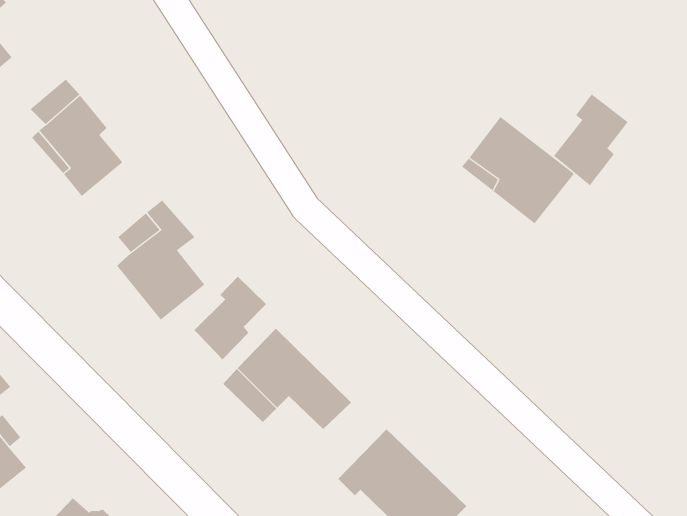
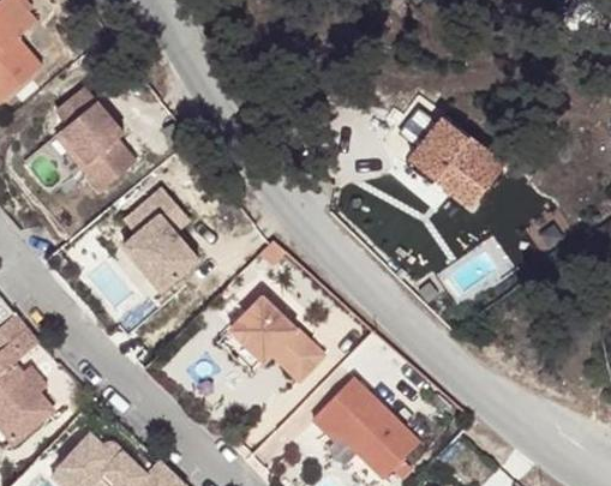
building: [553,93,629,186] -> none
building: [194,276,267,360] -> none

